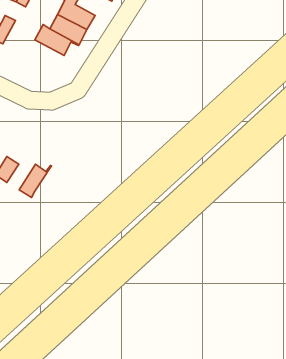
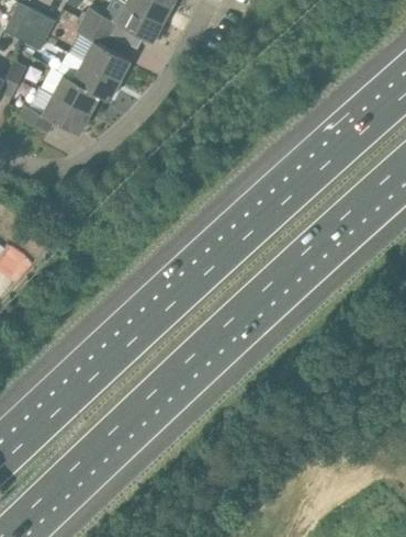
building: none -> [19,92,90,134]
building: [19,164,51,198] -> none

